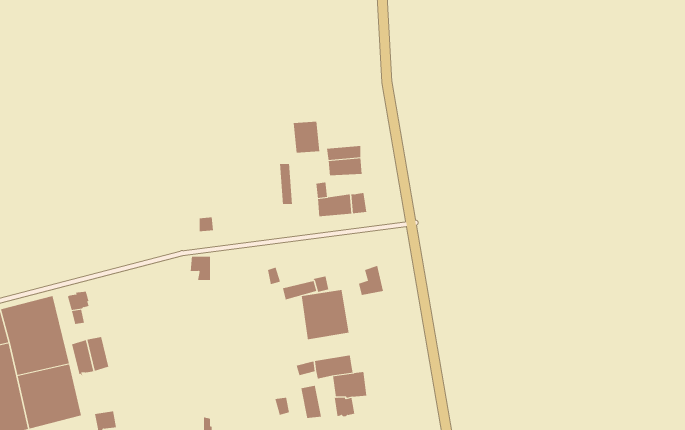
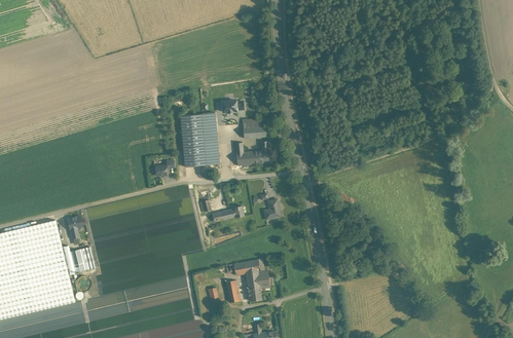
building: none -> [180,114,205,166]
building: [301,289,349,340] -> none

